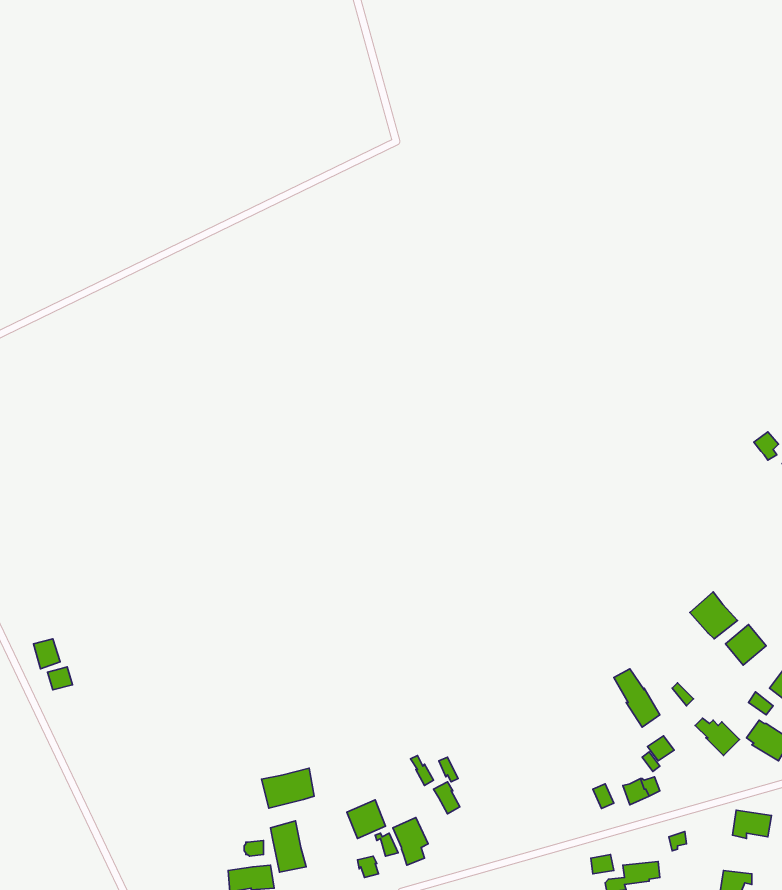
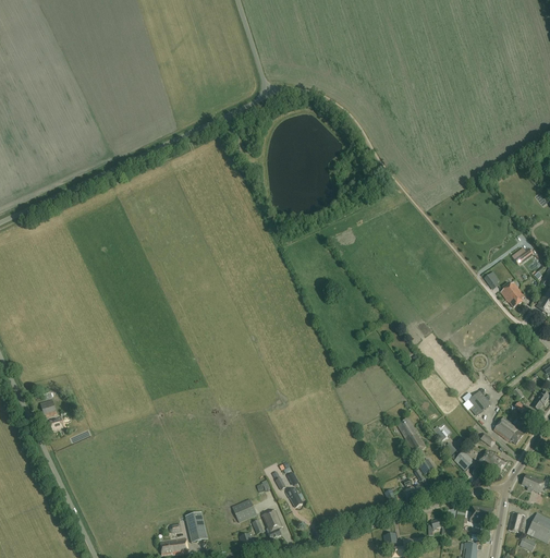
building: [690,592,738,639] -> none
building: [261,768,314,808] -> none

